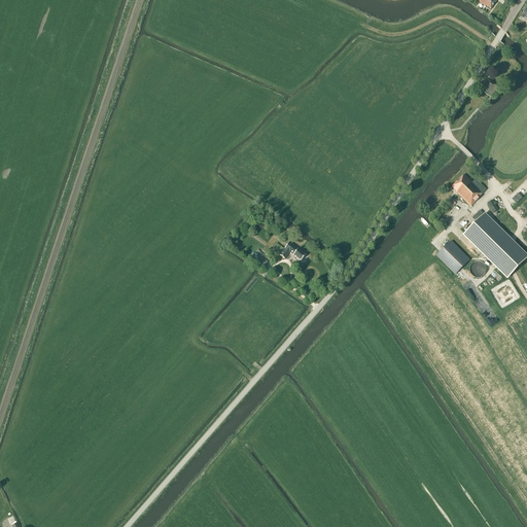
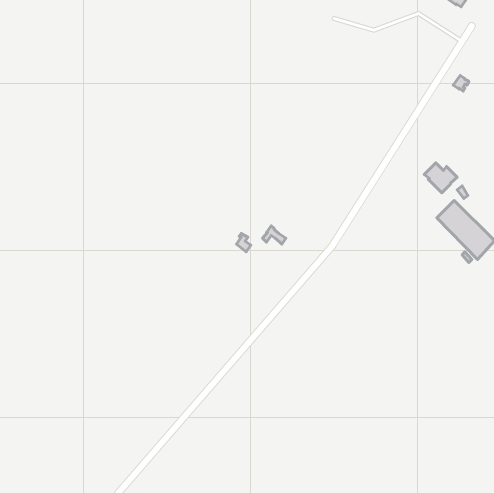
building: [435,240,468,273] -> none

